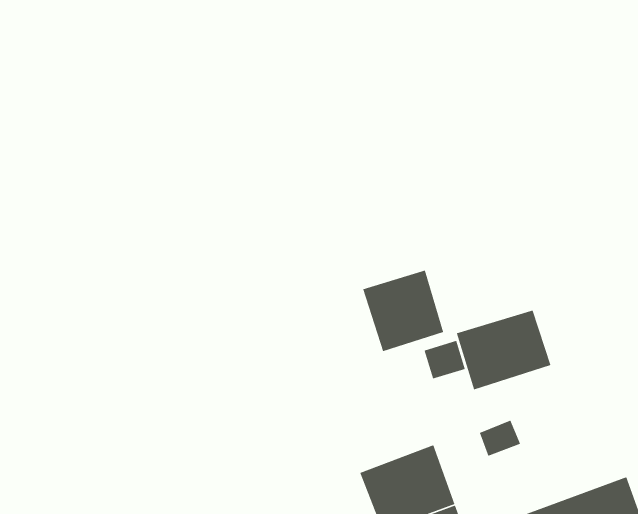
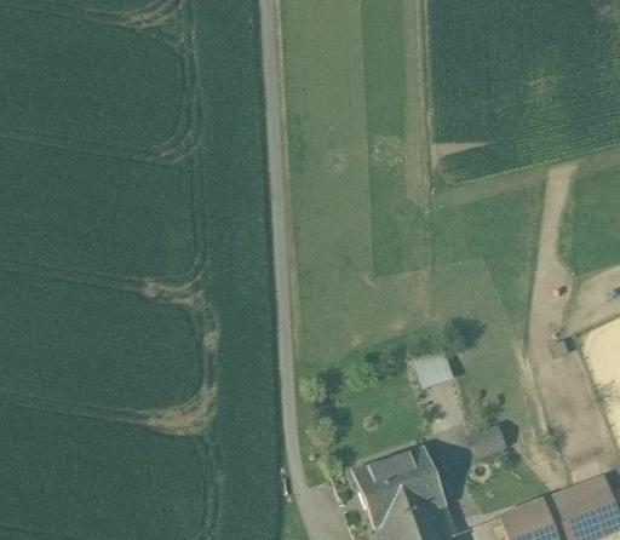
building: [362,269,444,352] -> none
building: [456,309,551,390] -> none

